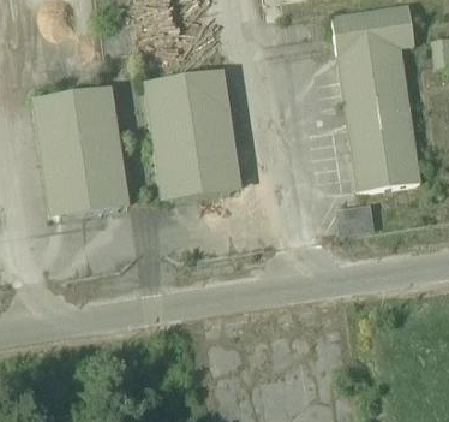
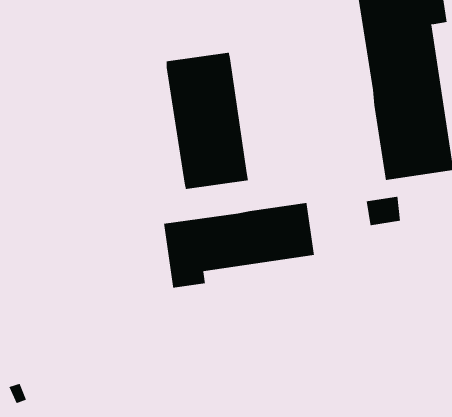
building: [41,88,119,215] -> none
building: none -> [163,202,315,289]

